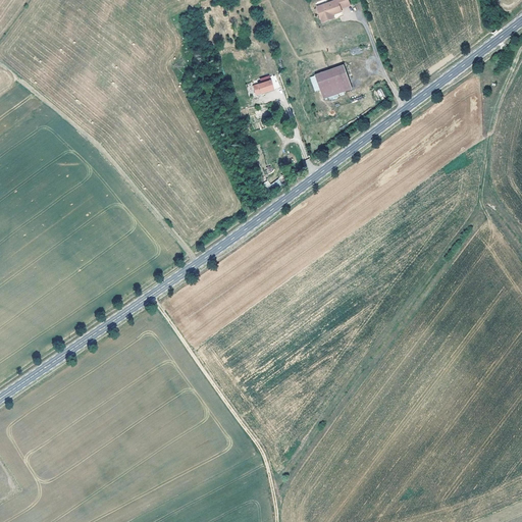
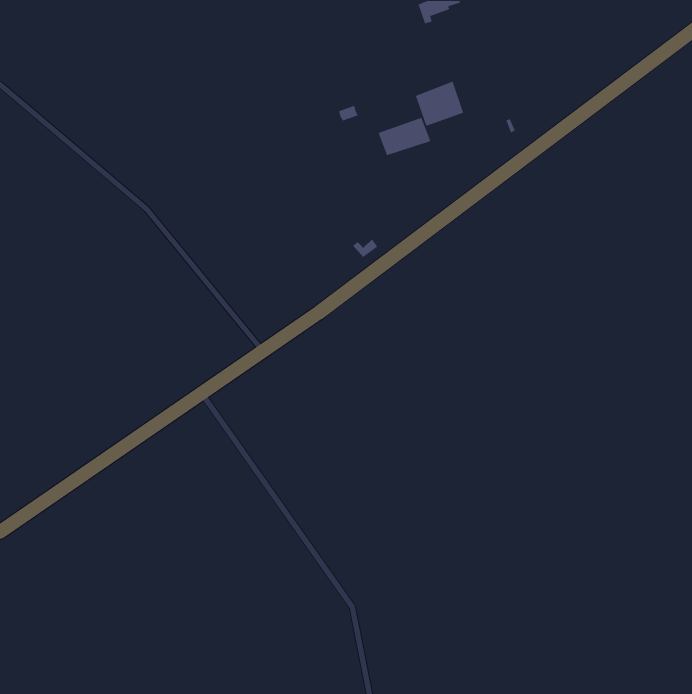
building: none -> [378,117,431,156]

